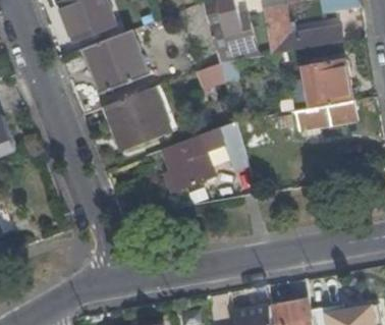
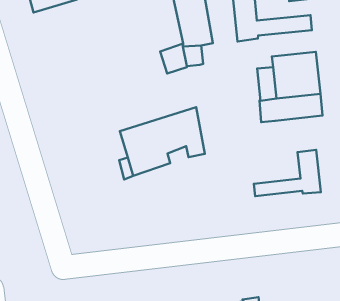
building: [84,29,147,92] -> none
building: [104,86,170,150] -> none
building: none -> [254,150,321,196]

